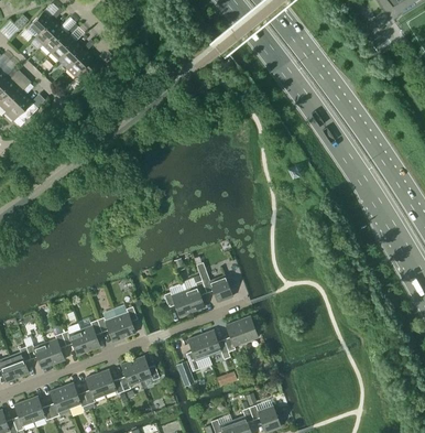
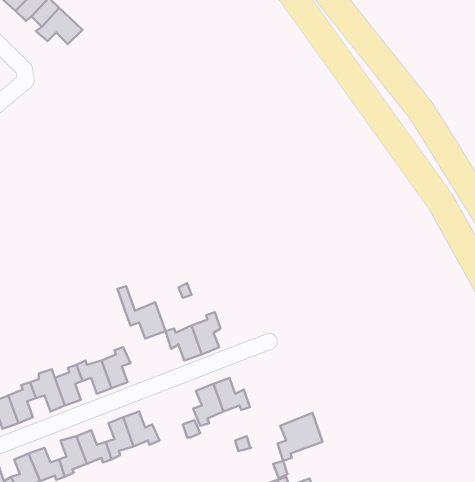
building: [196,262,232,302] -> [117,286,165,339]
building: [224,315,258,351] -> [277,413,323,461]

